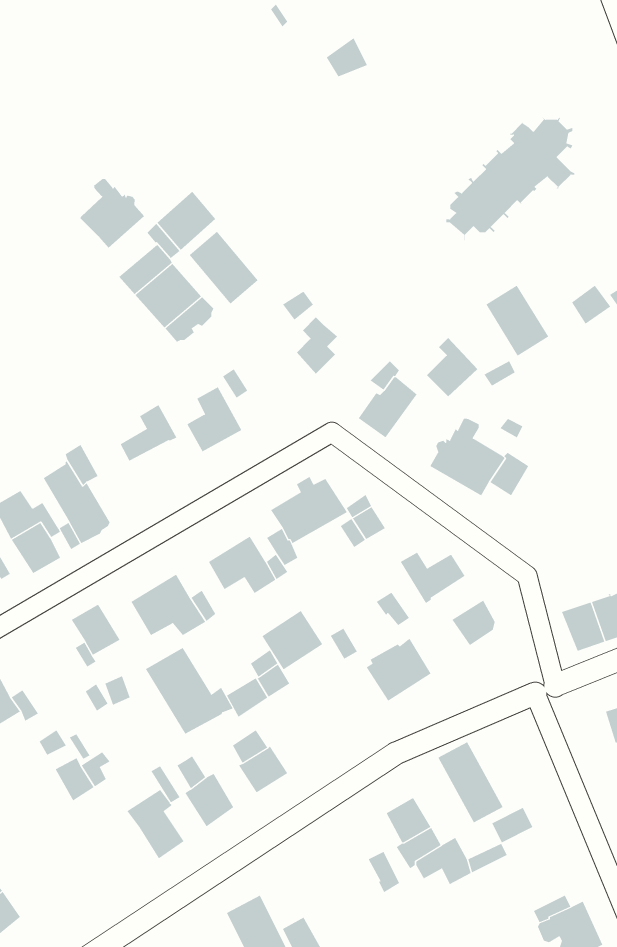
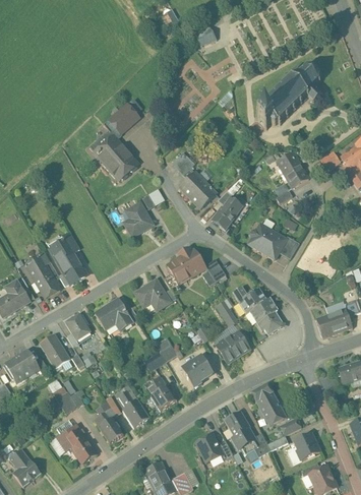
building: [80,178,145,248] -> none
building: [189,231,258,304] -> none
building: [426,337,478,397] -> [190,177,217,207]
building: [120,404,177,462] -> none
building: none -> [249,297,278,322]
building: [261,610,323,670] -> [182,355,214,385]
building: none -> [40,334,70,368]
building: [145,647,233,734] -> none
building: none -> [57,425,97,463]
building: none -> [295,433,320,459]
building: none -> [196,434,223,460]

